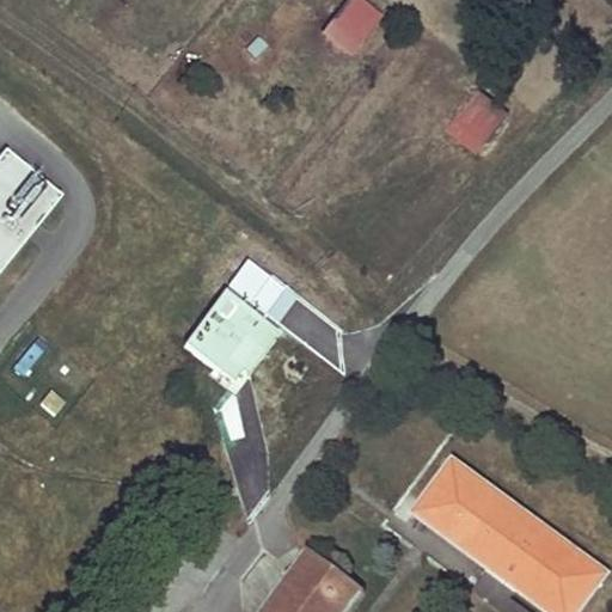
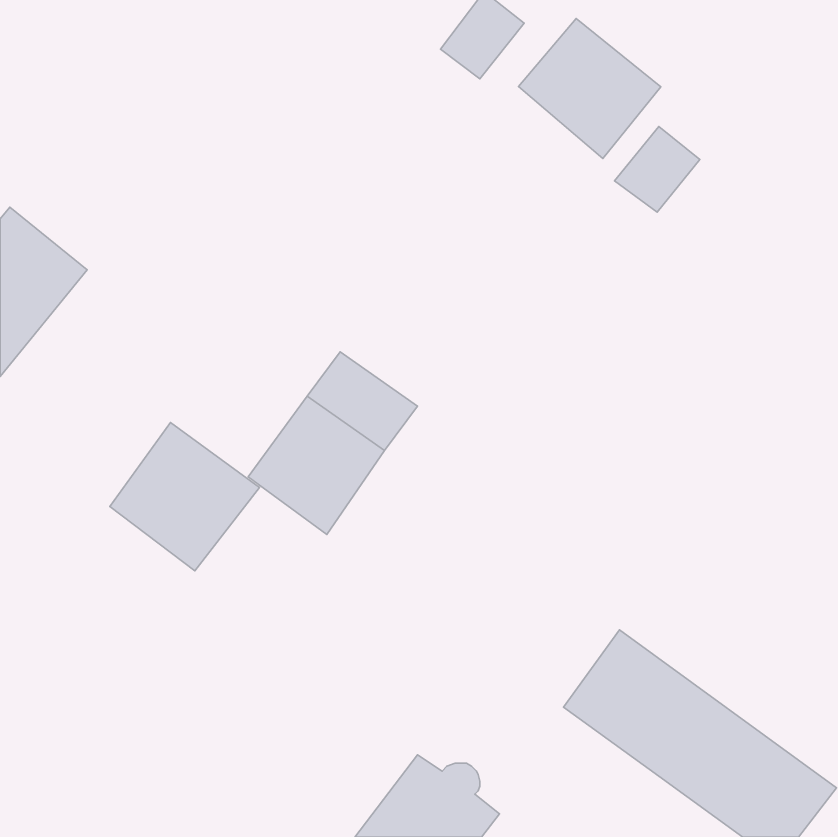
building: none -> [519,18,661,159]
building: none -> [110,423,260,571]

